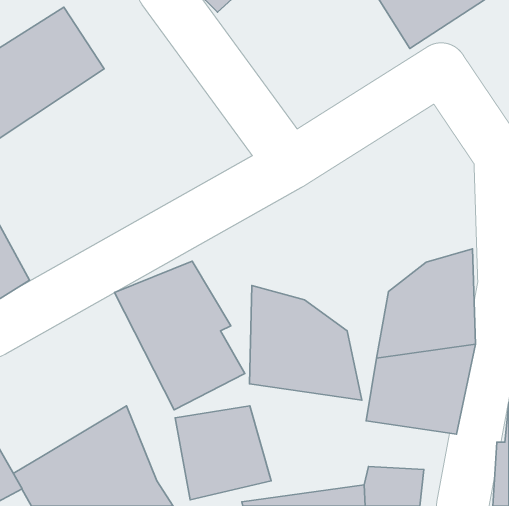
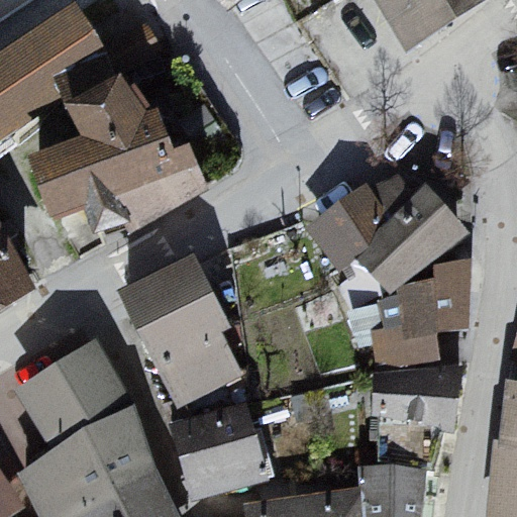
building: none -> [31,72,205,224]
building: none -> [303,179,467,291]
building: [249,285,362,400] -> none
building: none -> [9,339,126,454]

